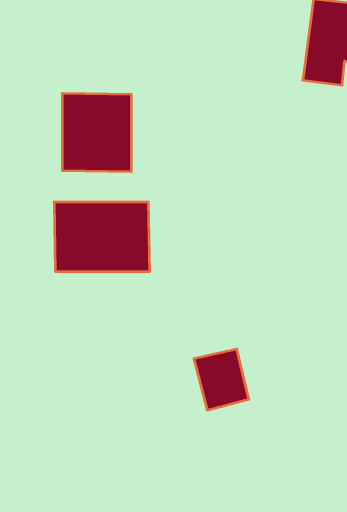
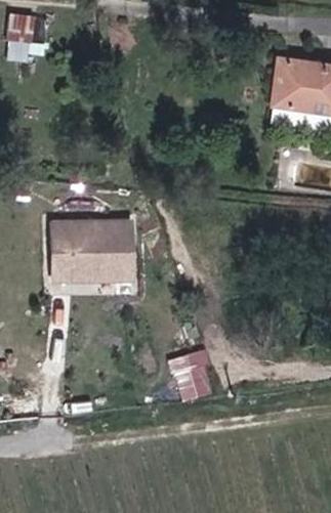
building: [62,93,131,172] -> none

